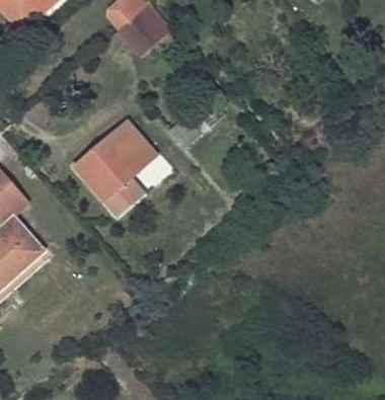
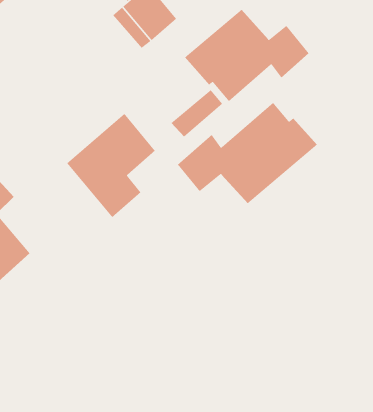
building: none -> [184,9,310,102]
building: none -> [177,102,318,204]

